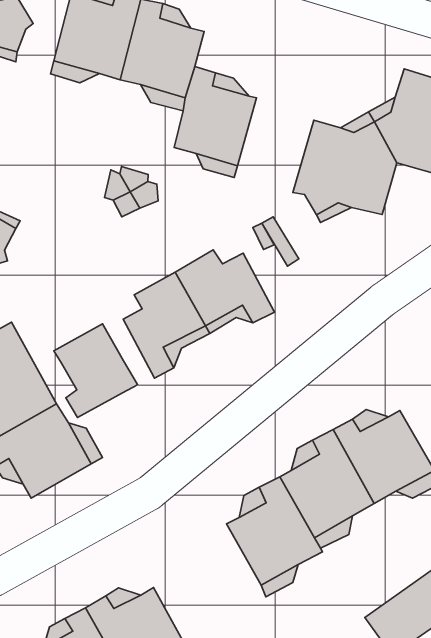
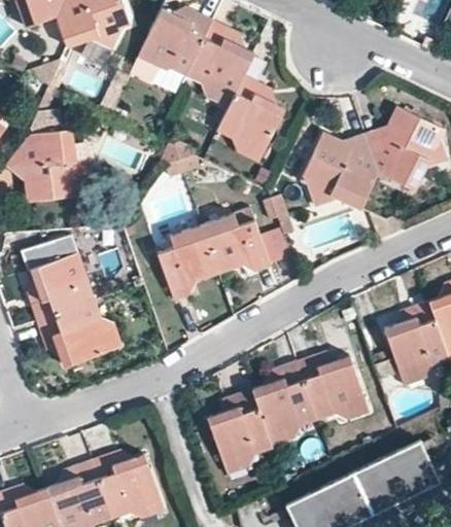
building: [54,324,137,418] -> none

